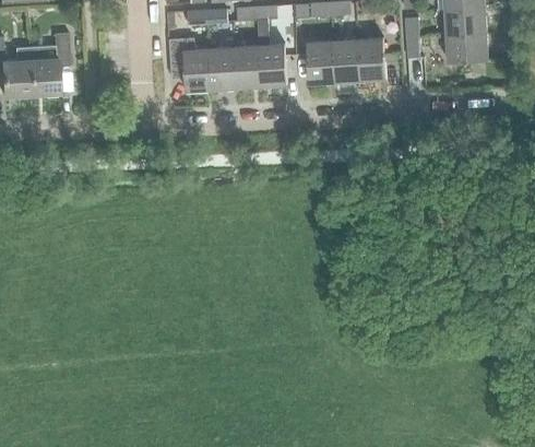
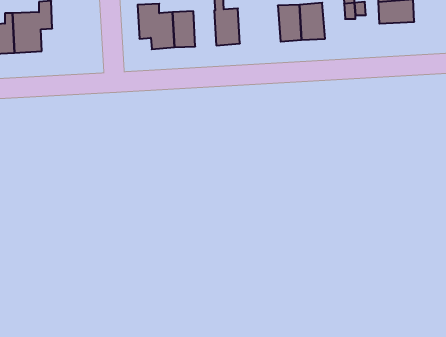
building: [306,40,333,83] -> none
building: [233,46,259,87] -> none

